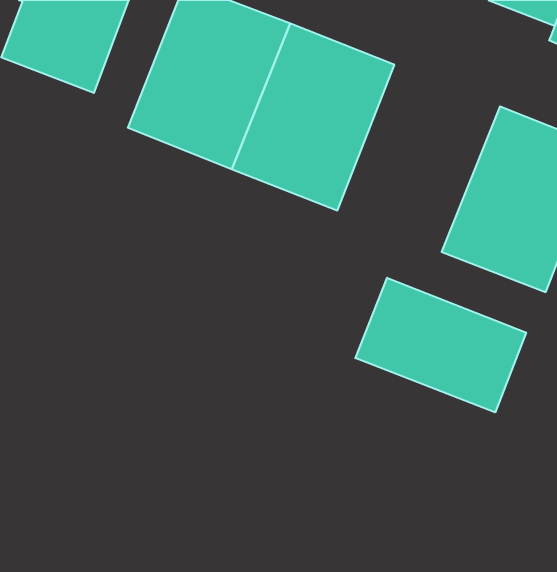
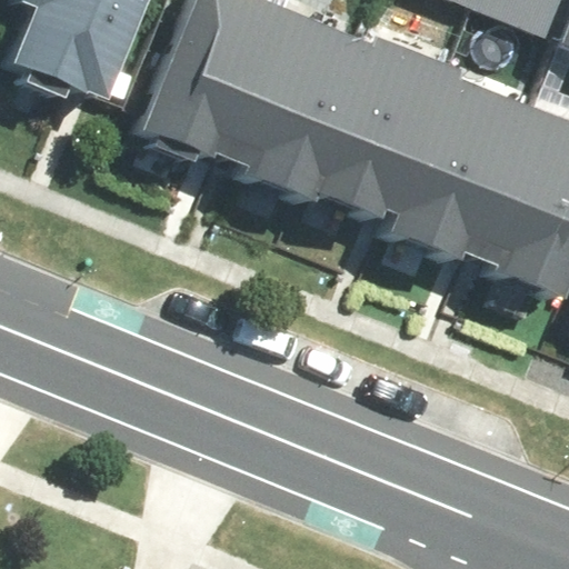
building: none -> [350,64,511,250]
building: [355,278,526,412] -> none

